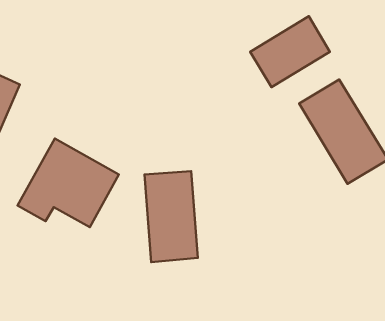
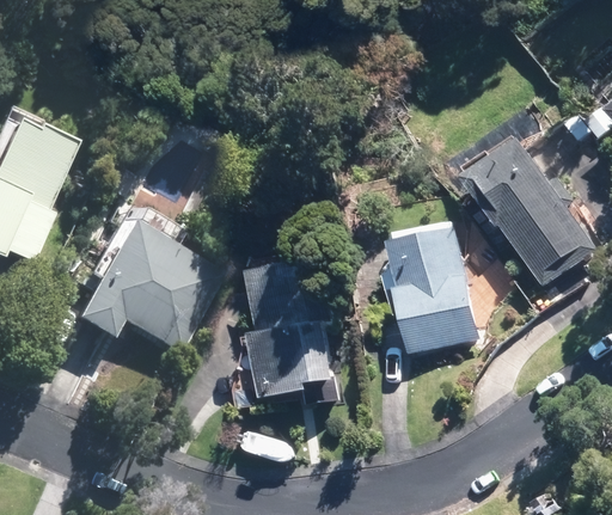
building: [250,16,330,87] -> none
building: none -> [387,223,478,354]

